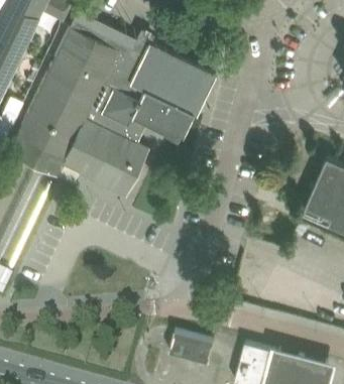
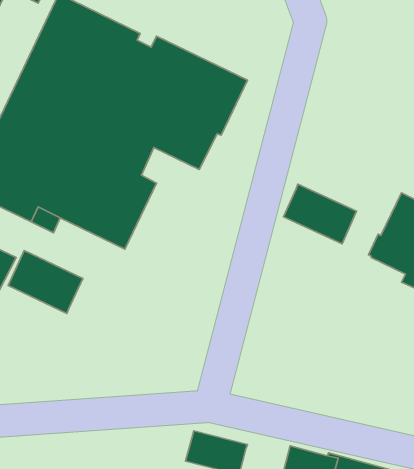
building: none -> [284,184,356,244]
building: none -> [8,251,83,313]

